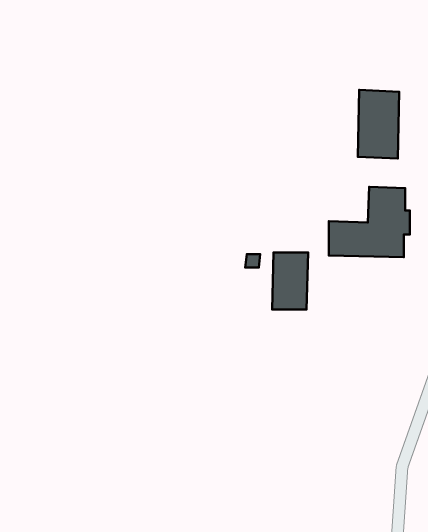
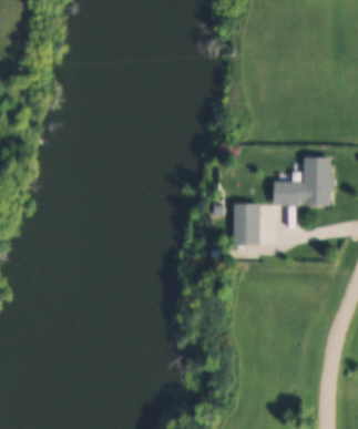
building: [358,90,399,159] -> none

